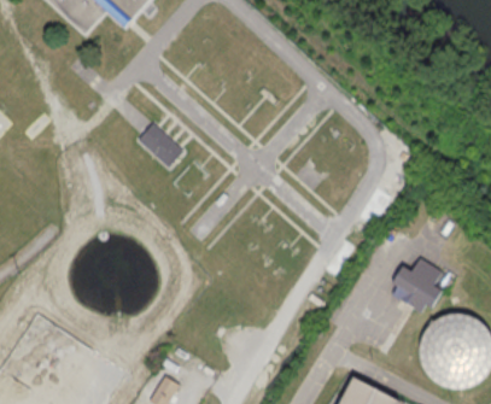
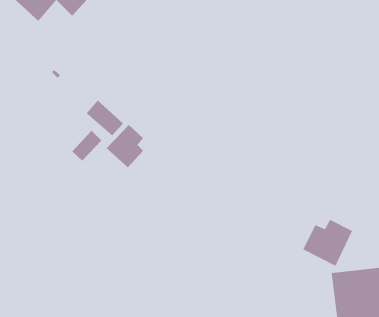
building: none -> [106,124,144,168]
building: none -> [72,130,102,161]

